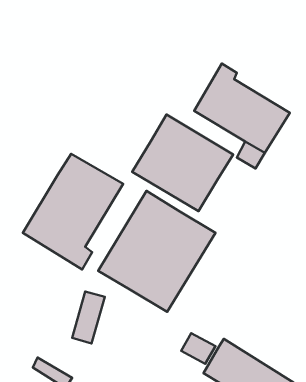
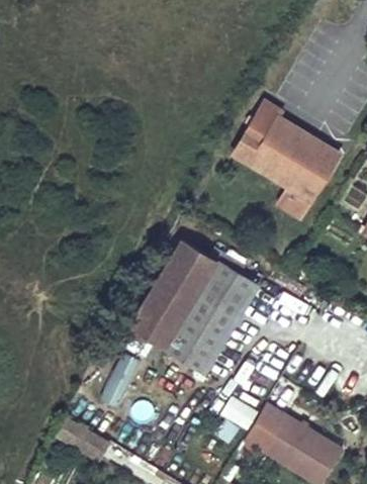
building: [132,115,233,211] -> none
building: [23,154,123,269] -> none

